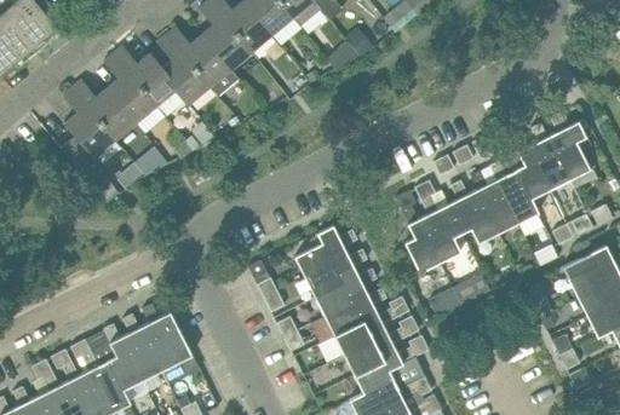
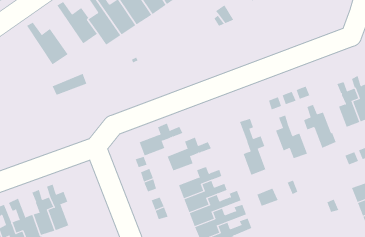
building: [105,53,156,122] -> none
building: [62,87,115,195] -> none
building: [511,132,551,198] -> none
building: [467,169,518,232] -> none
building: [415,179,463,261] -> none
building: [305,246,368,296] -> [139,123,183,156]
building: [143,302,183,370] -> none

